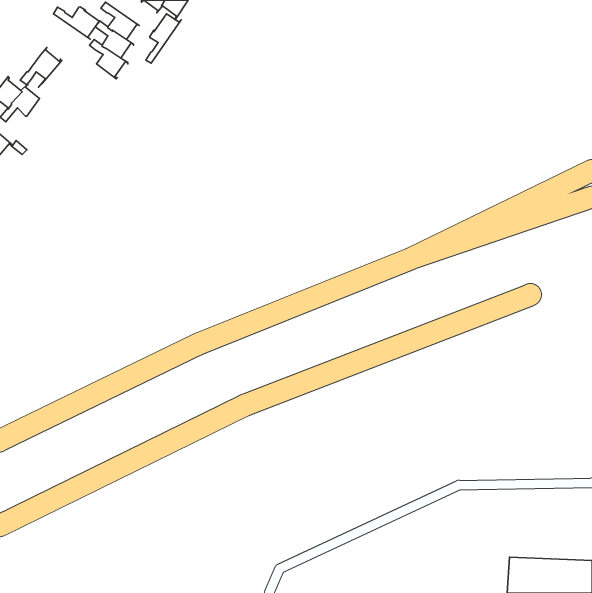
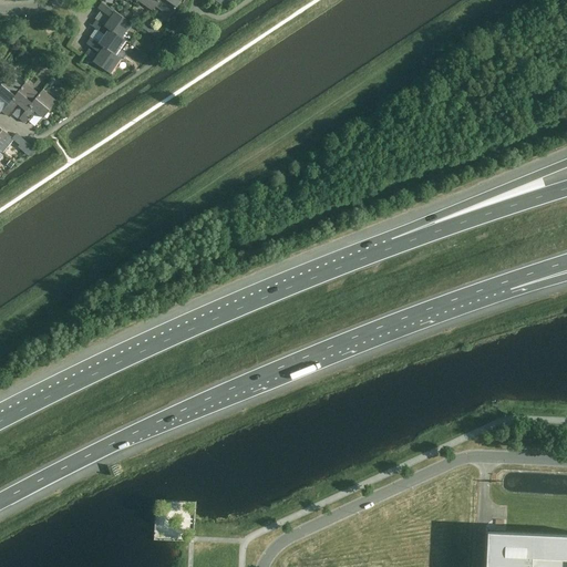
building: [53,7,99,39] -> none
building: [146,14,181,63] -> none
building: [20,48,62,87] -> [18,87,58,125]

